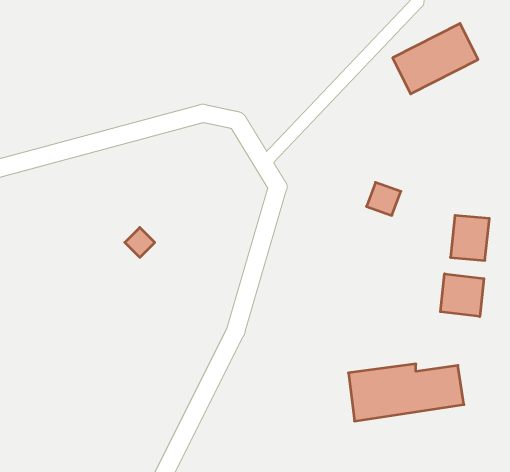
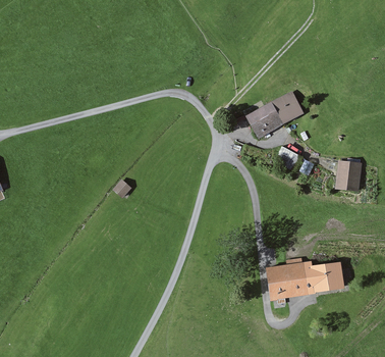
building: [393,23,478,94] -> [245,90,304,138]
building: [440,274,484,317] -> none

